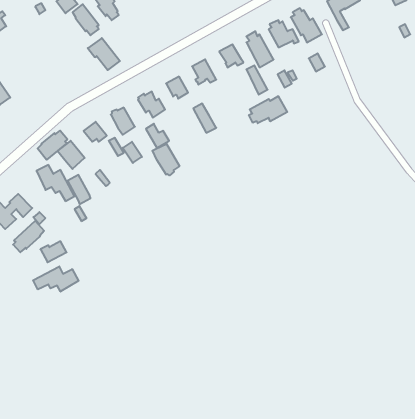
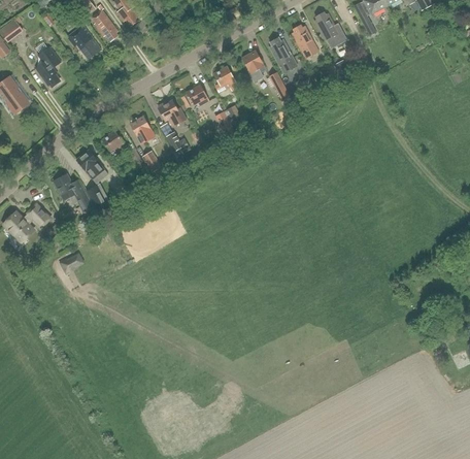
building: [88,38,120,70] -> [67,25,100,58]
building: none -> [34,44,62,86]
building: [249,96,287,123] -> none
building: [38,131,67,160] -> none
building: [152,144,179,175] -> none
building: [13,221,44,252] -> none
building: [33,266,79,292] -> none

